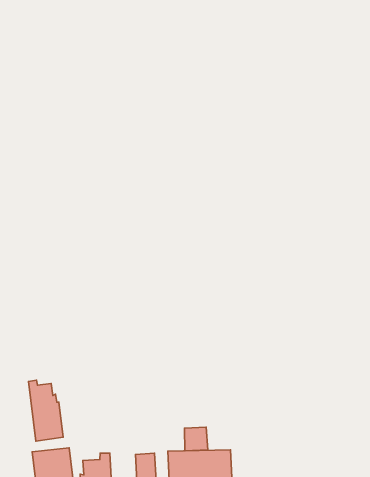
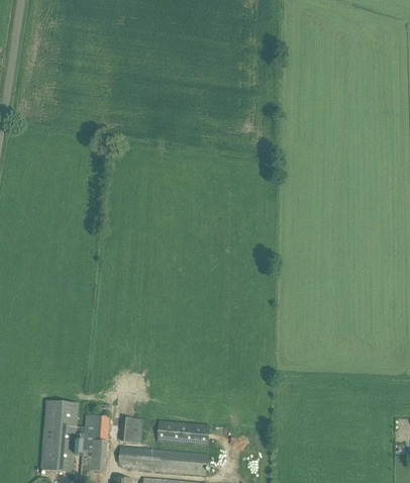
building: [29,380,63,441] -> none
building: [184,427,208,451] -> none

